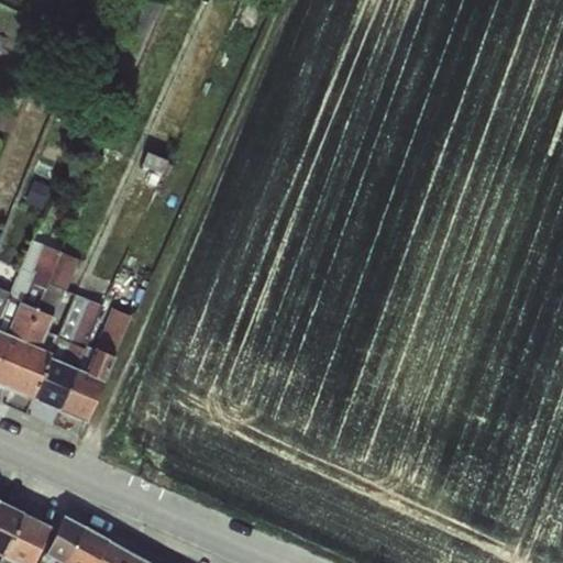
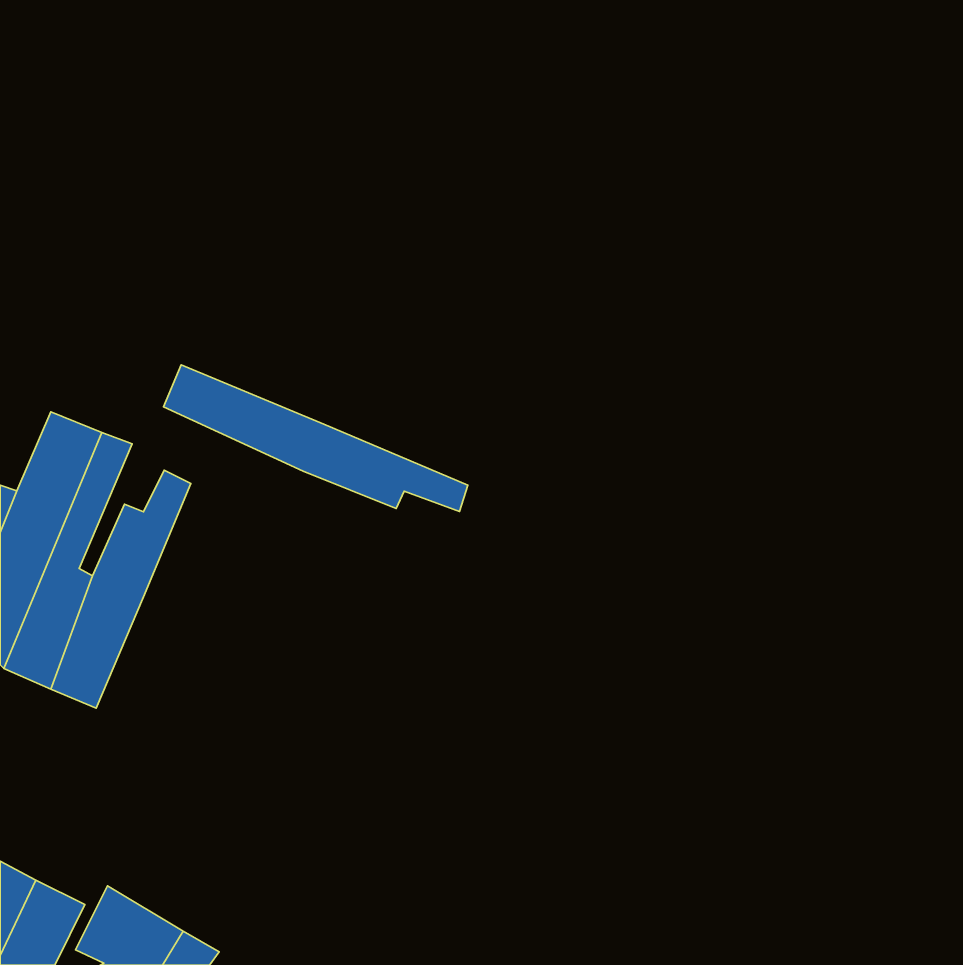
building: none -> [163,365,468,512]
building: [57,308,130,424] -> none

